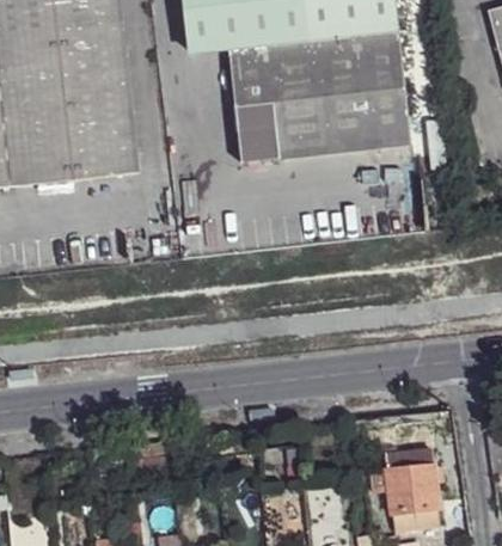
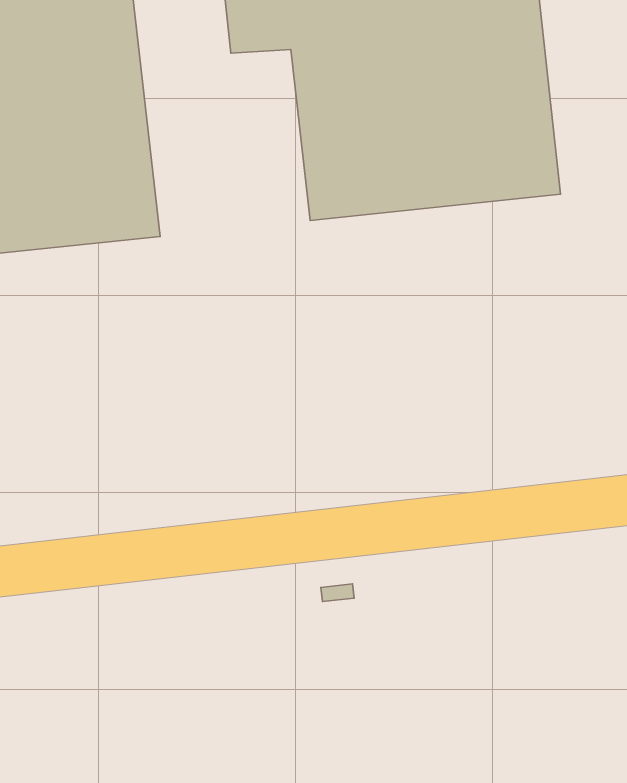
building: [375,462,441,530] -> none

